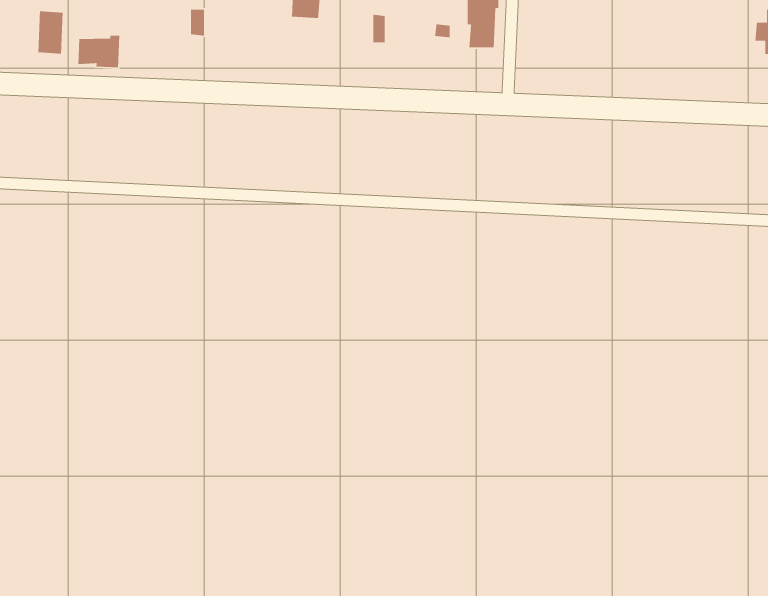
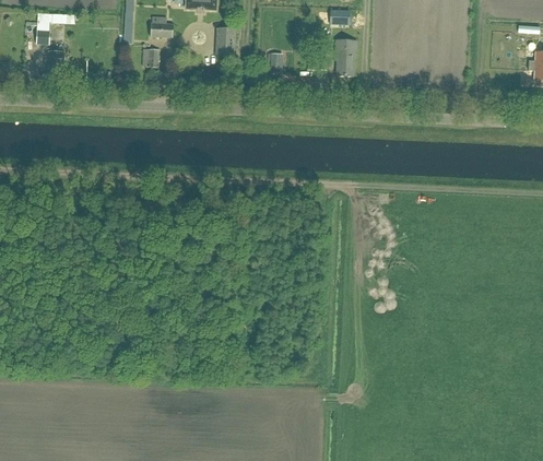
building: [78,35,120,68] -> none

